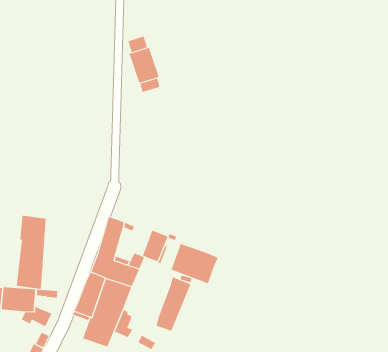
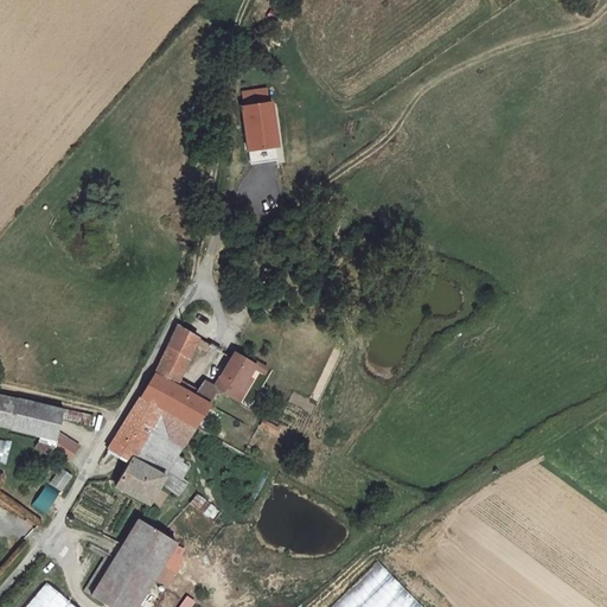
building: [16,215,46,290] -> none
building: [170,243,218,284] -> none
building: [156,277,191,331] -> none

